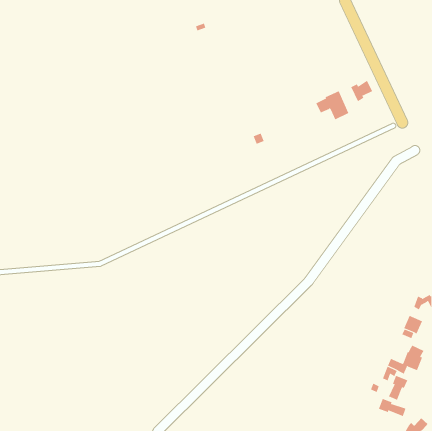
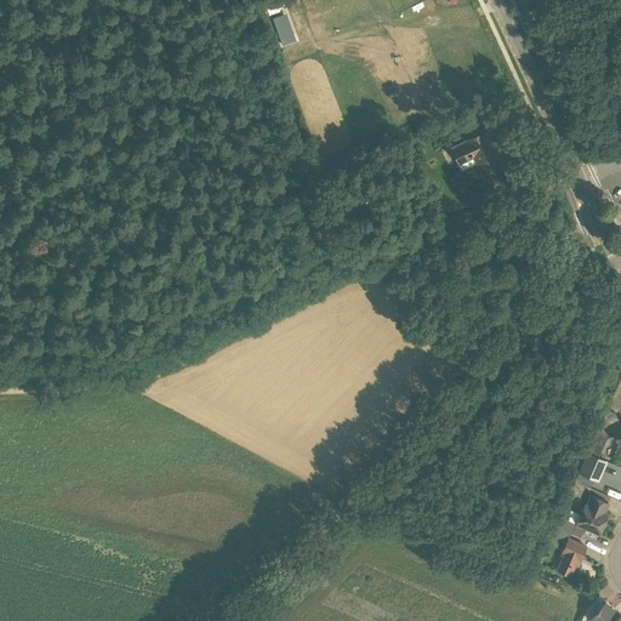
building: [351,80,373,102] -> none
building: [378,398,406,417] -> none

